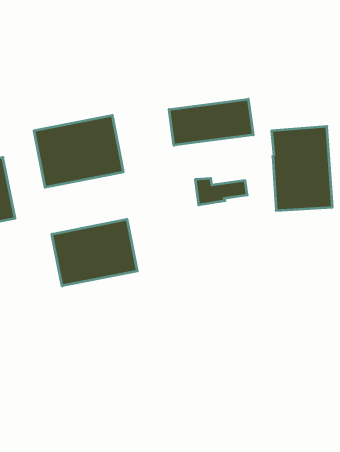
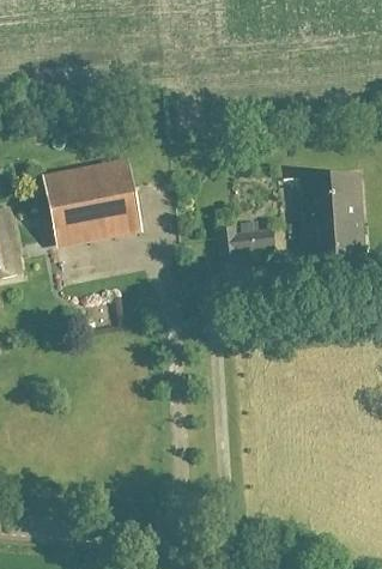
building: [169,99,253,145] -> none
building: [52,219,137,286] -> none

